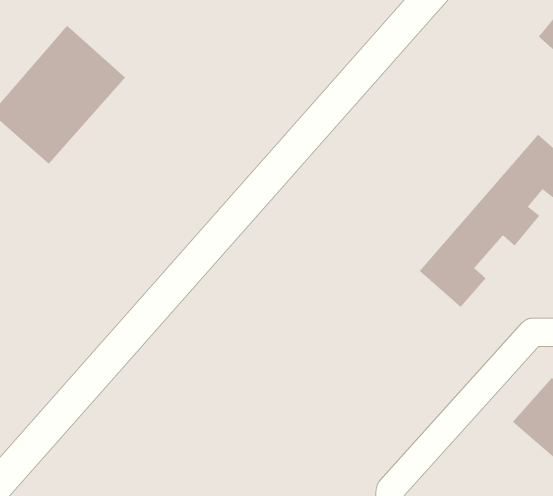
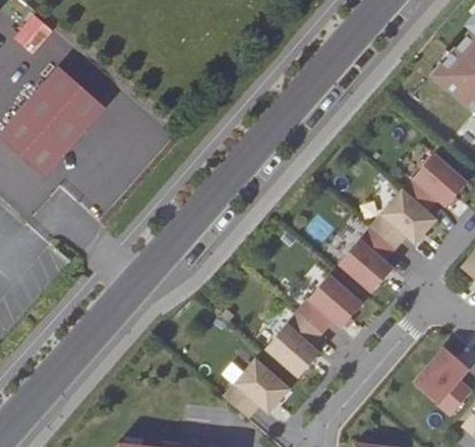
building: none -> [266,275,363,376]
building: none -> [225,359,289,416]

